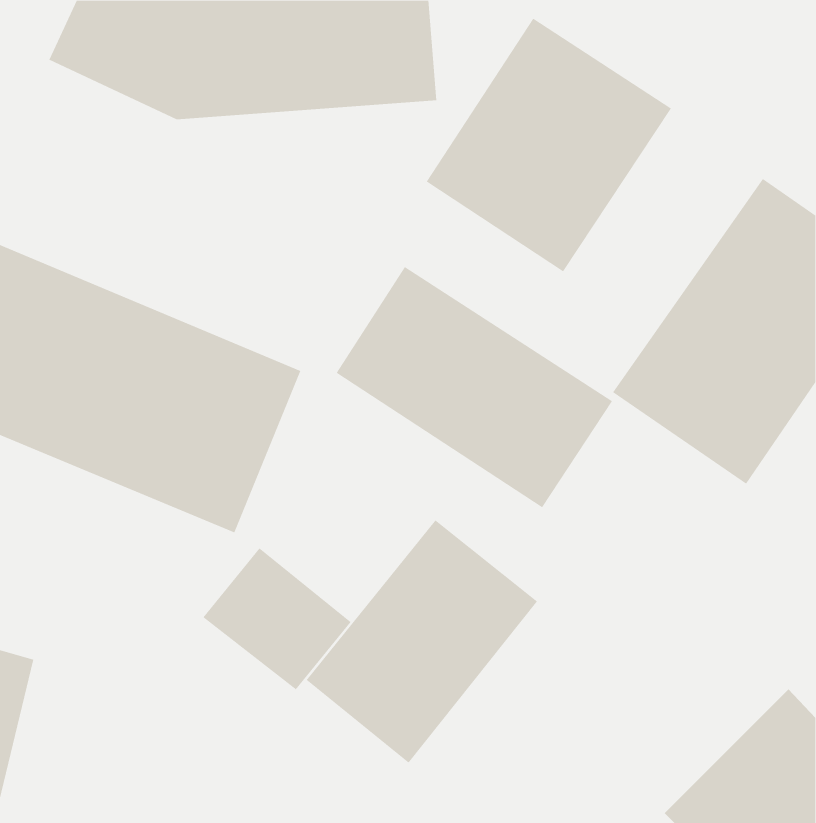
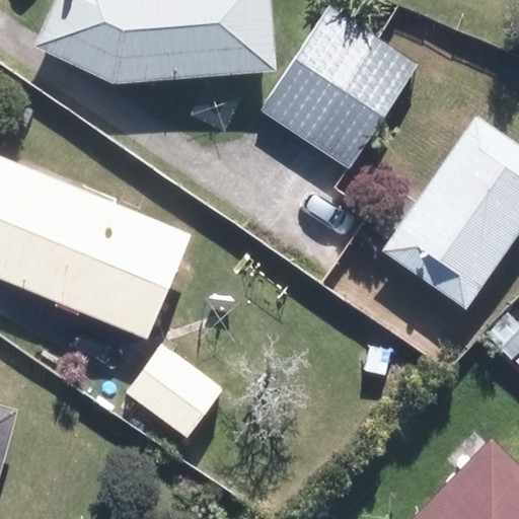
building: [336,266,613,508] -> none
building: [306,519,538,763] -> none

